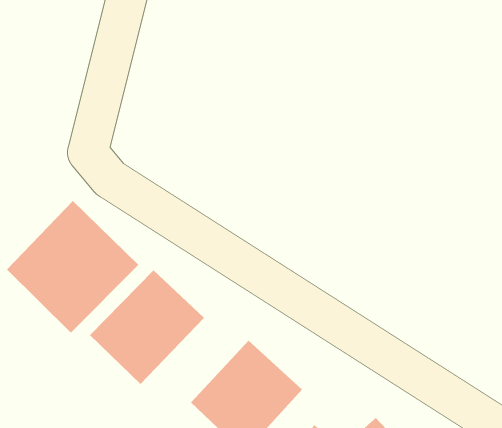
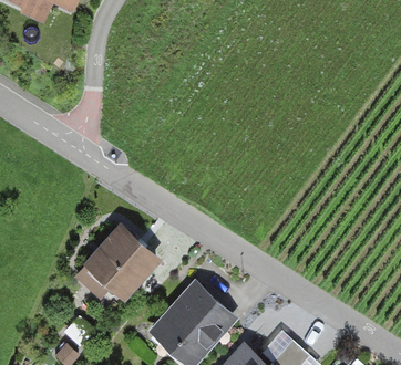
building: [6,200,139,334] -> none

